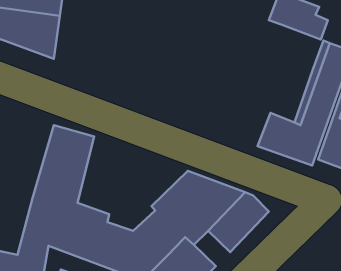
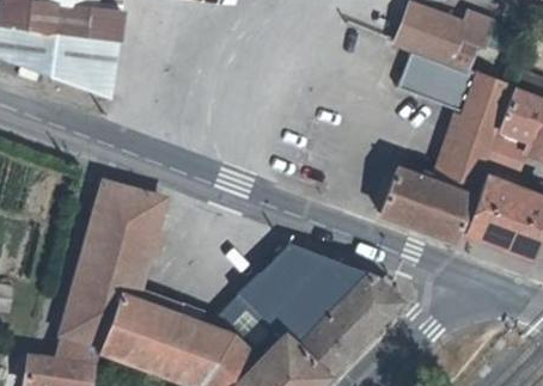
building: none -> [398,48,471,109]
building: none -> [295,327,344,375]

